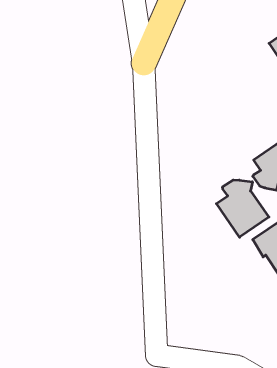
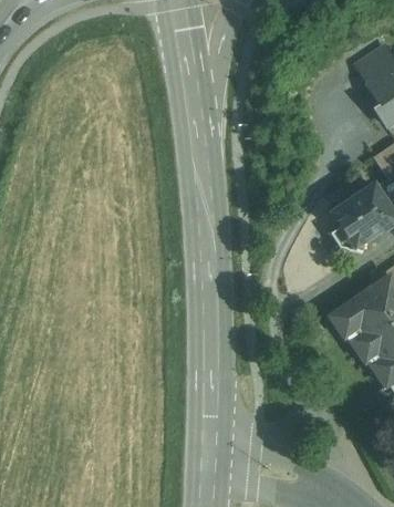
building: [216,180,269,237] -> none

